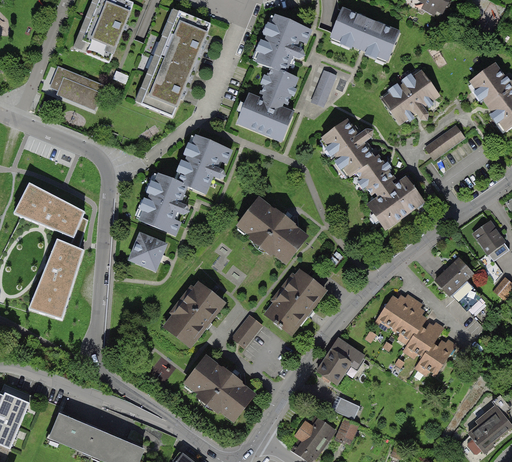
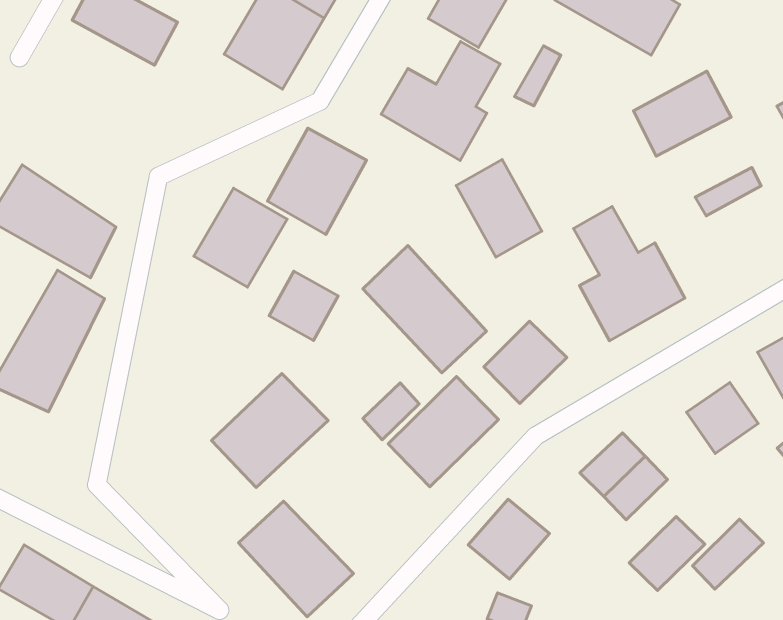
building: [319,119,373,177] -> [456,159,542,257]
building: none -> [484,321,567,404]
building: [128,233,167,272] -> [269,271,338,340]
building: [230,312,262,347] -> [363,383,419,440]
building: [402,318,442,361] -> [692,519,764,589]

